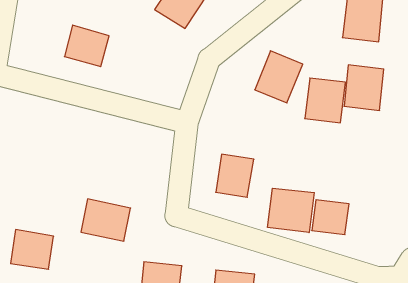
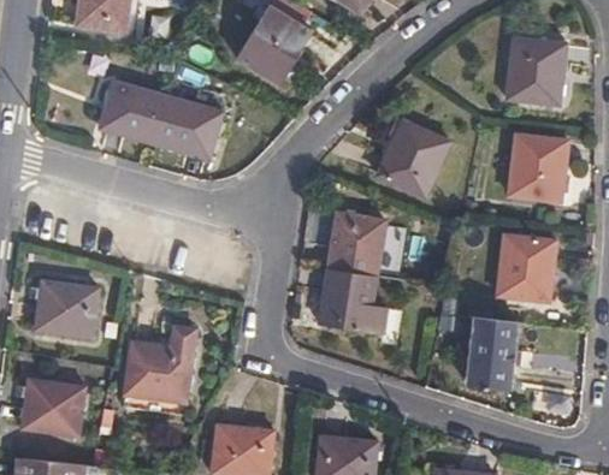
building: none -> [154,96,221,156]
building: [305,78,345,123] -> [499,236,558,301]
building: none -> [330,215,385,275]
building: none -> [36,279,97,337]
building: [268,188,314,233] -> none

